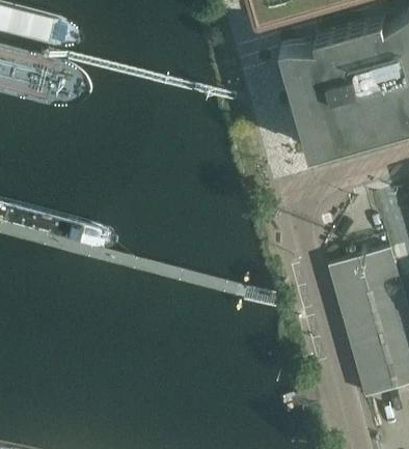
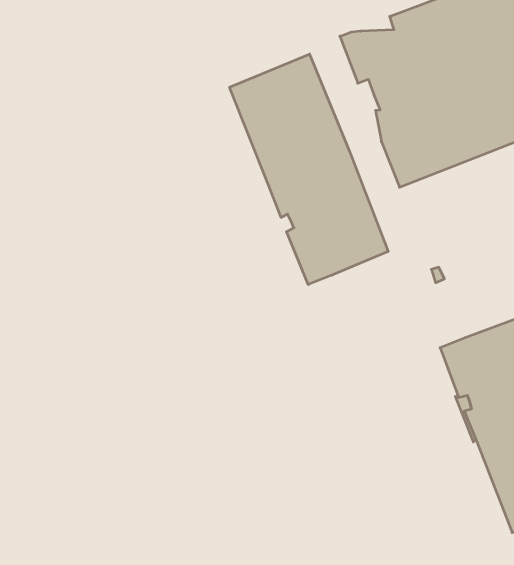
building: none -> [230,54,388,285]

